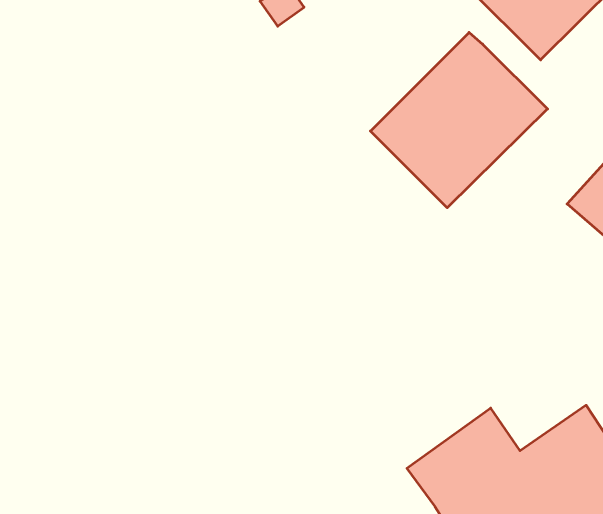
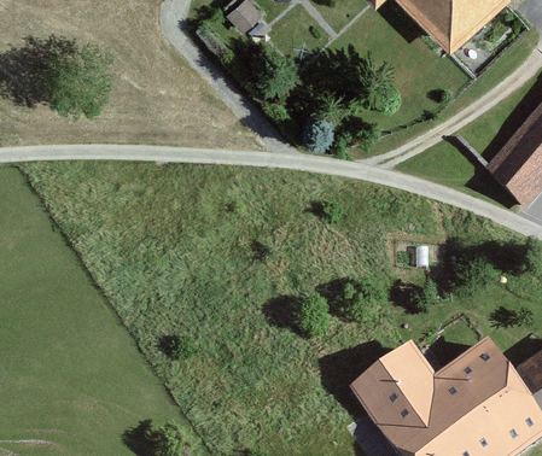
building: [370,32,548,208] -> none

